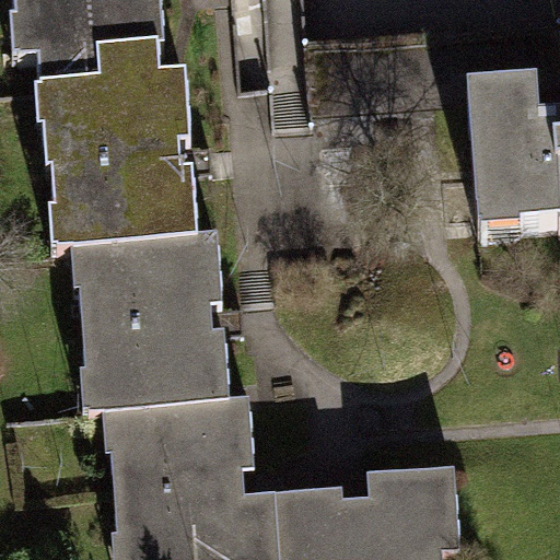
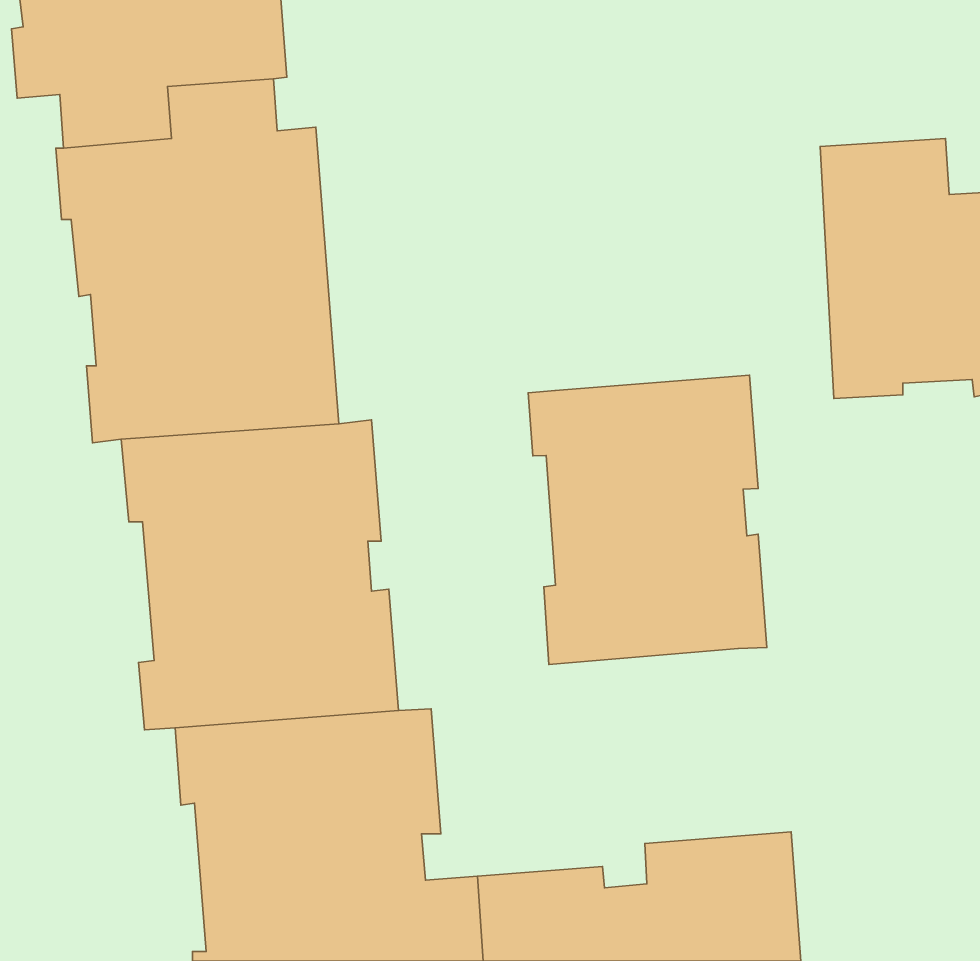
building: none -> [528,375,767,664]

